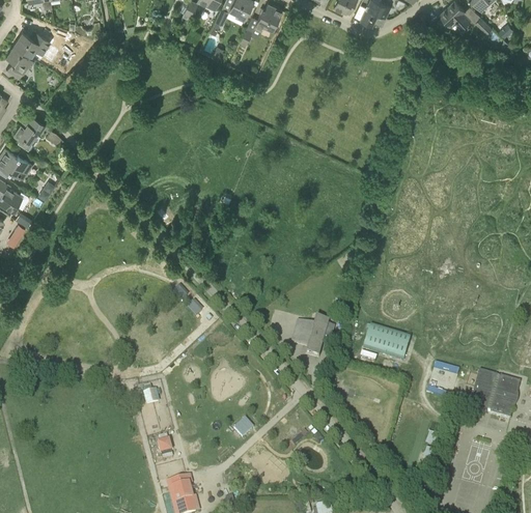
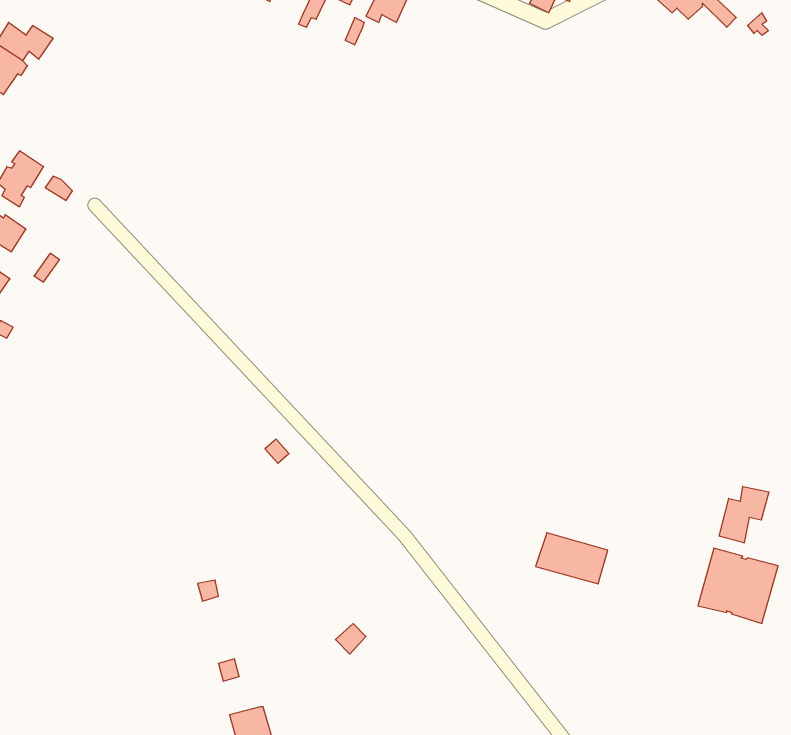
building: [290,317,328,357] -> none
building: [363,325,410,359] -> [536,533,608,584]
building: none -> [719,486,769,543]

